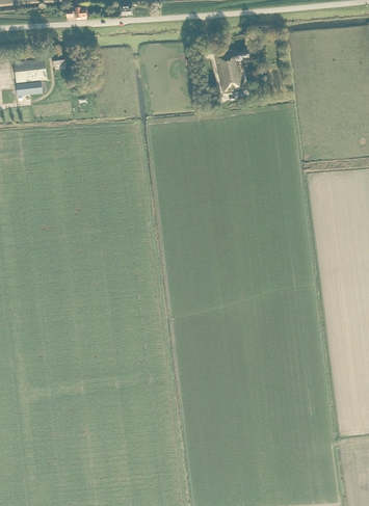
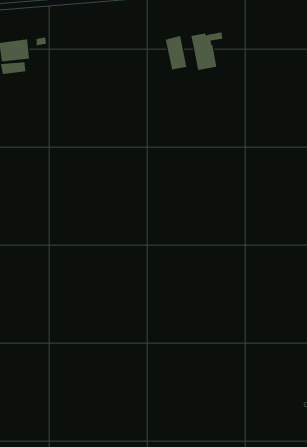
building: none -> [165,35,187,70]

